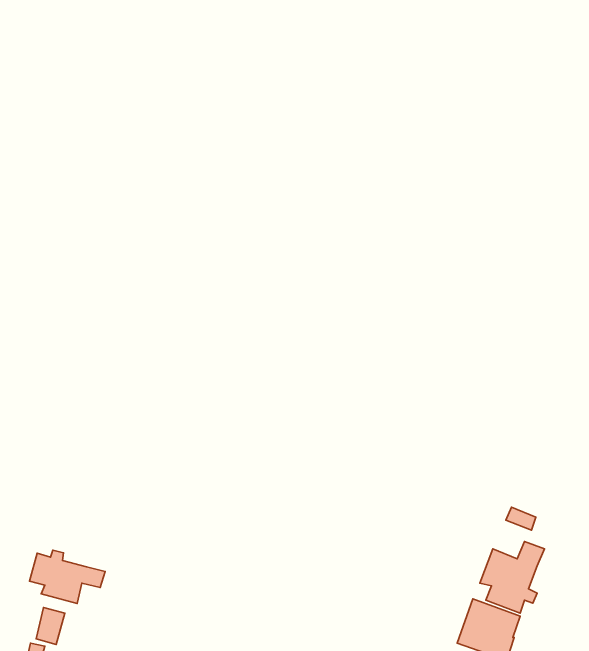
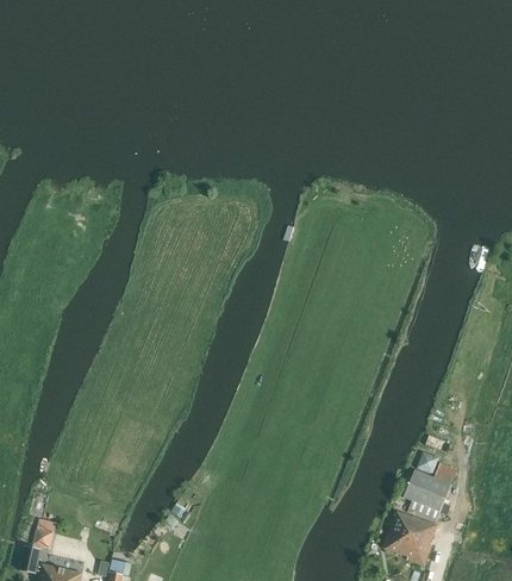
building: [30,550,105,604] -> none

